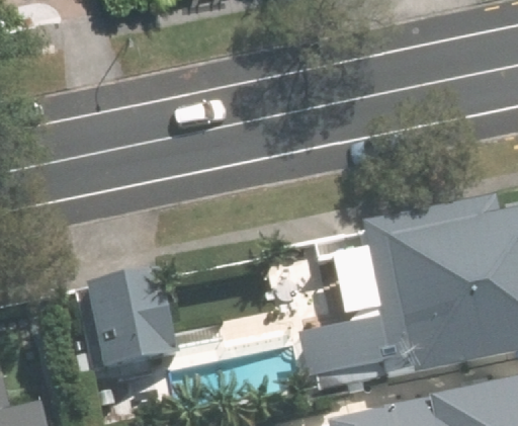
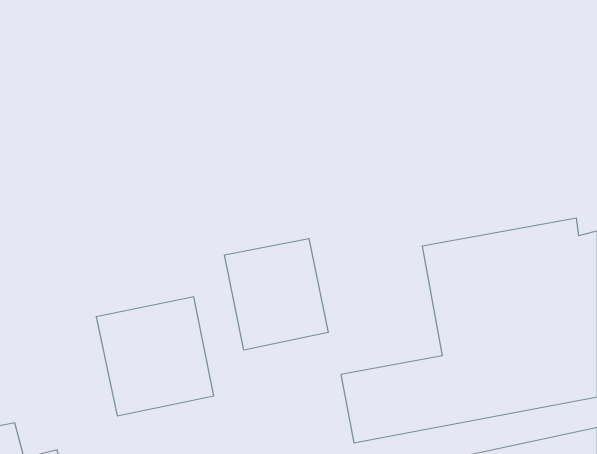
building: none -> [224,238,328,350]

